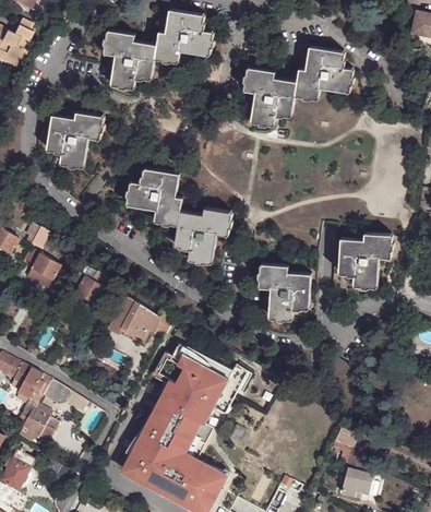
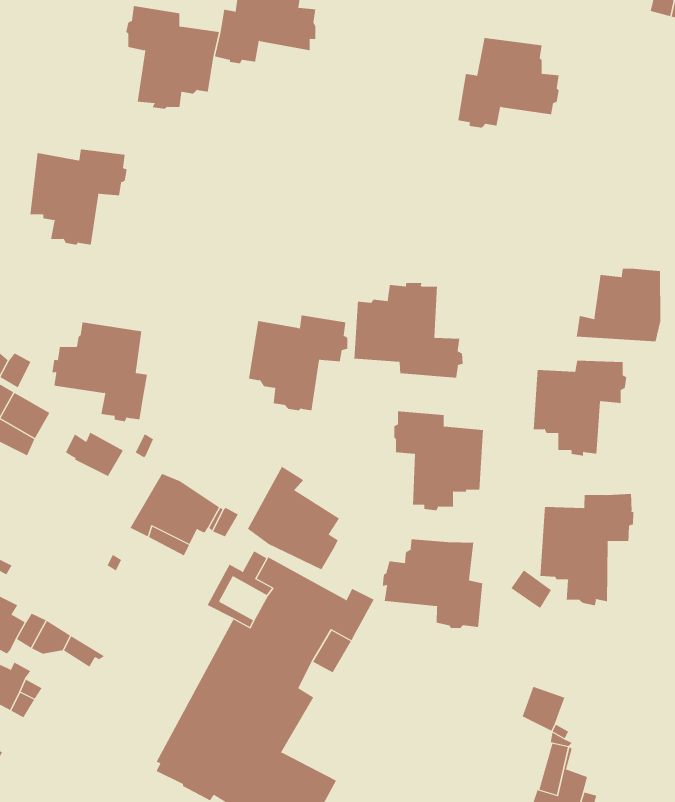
building: [243,67,298,127] -> none
building: [127,167,182,225] -> [52,322,148,422]
building: none -> [576,268,661,342]
building: none -> [354,282,463,378]
building: none -> [247,466,340,570]
building: none -> [540,493,634,606]
building: none -> [382,538,483,629]

